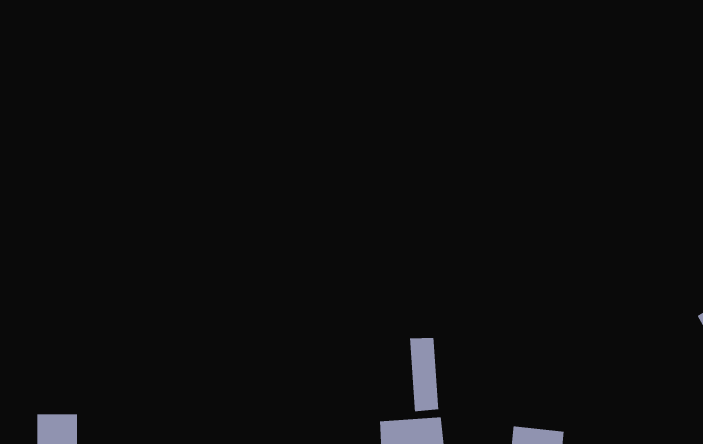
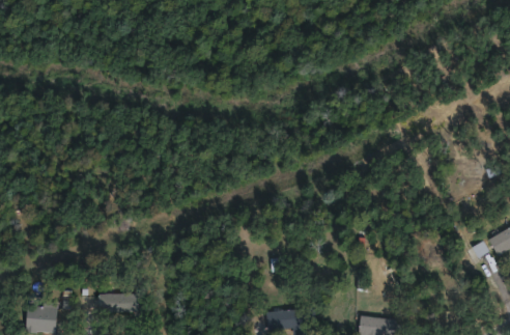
building: [409,337,439,412] -> none
building: none -> [97,294,146,313]

